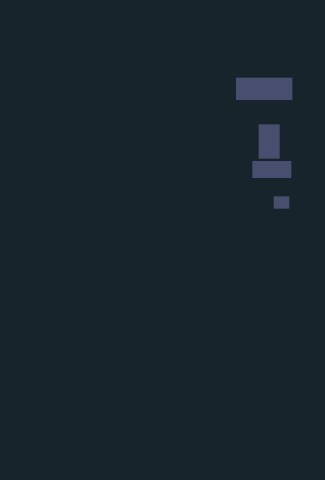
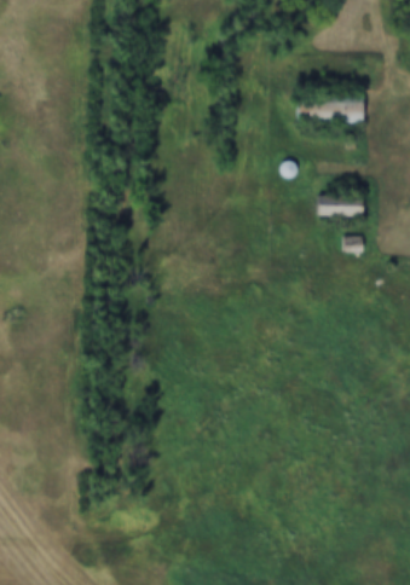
building: [258,123,280,159] -> none

